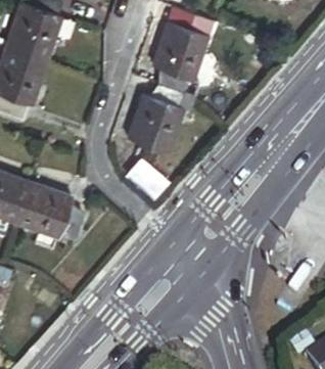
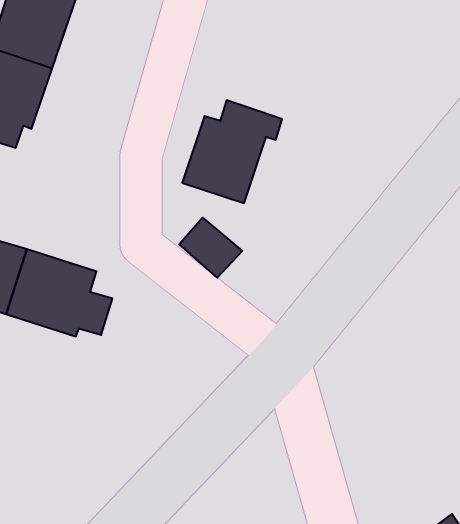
building: [155,15,207,83] -> none

